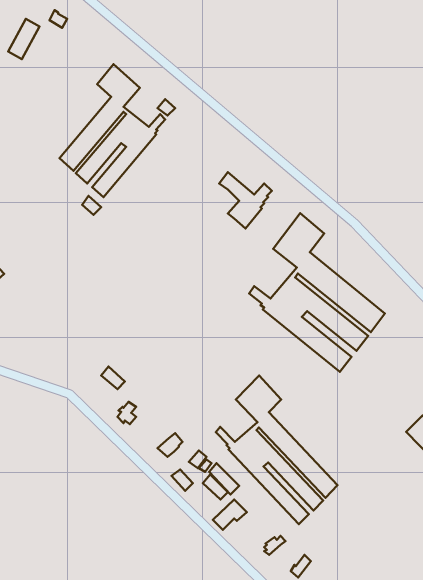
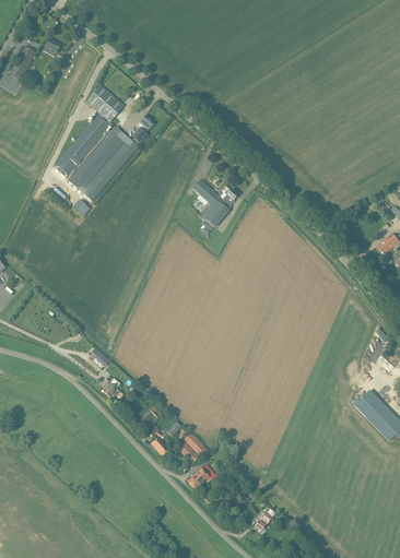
building: [249,213,385,372] -> none
building: [216,376,338,524] -> none

